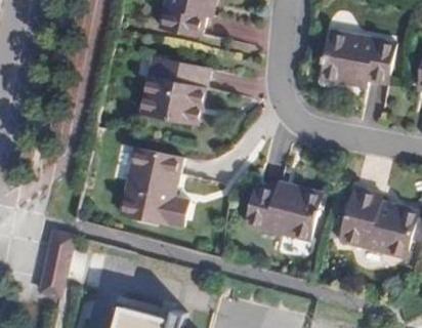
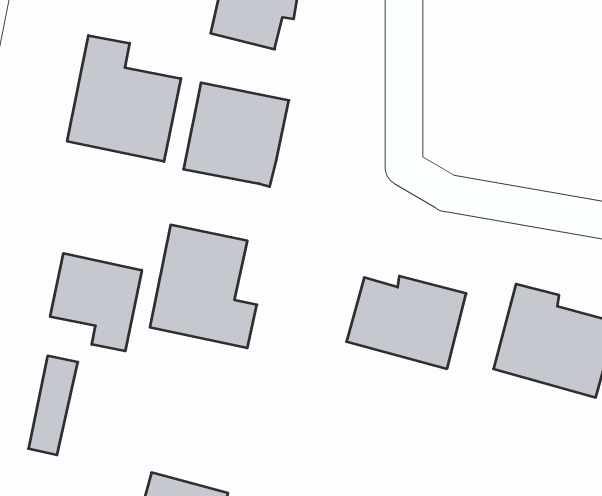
building: none -> [67,35,181,162]
building: [320,30,394,86] -> none
building: none -> [50,253,142,351]

